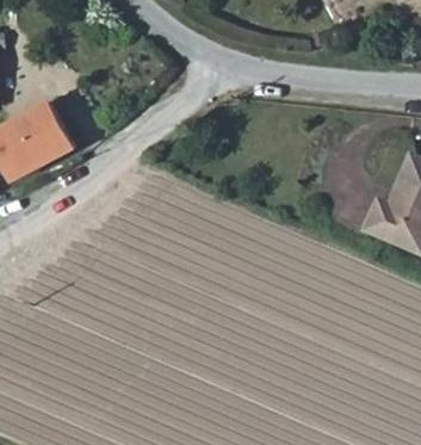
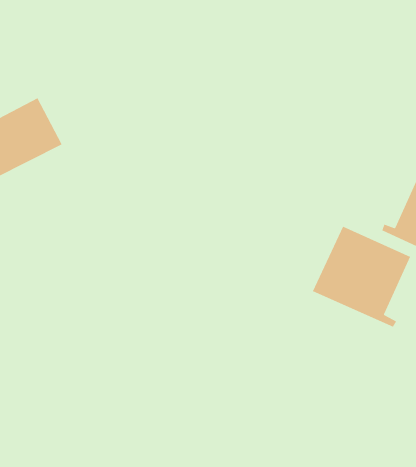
building: none -> [312,226,411,328]

